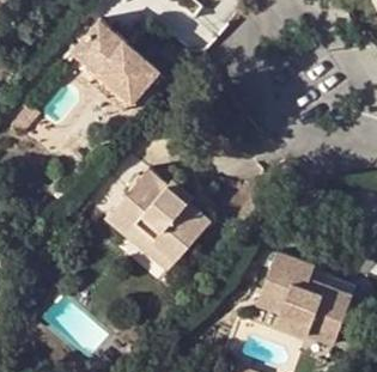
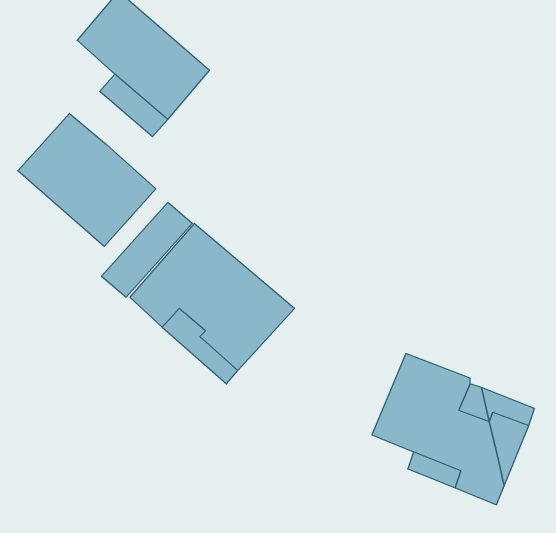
building: none -> [18,113,156,246]

